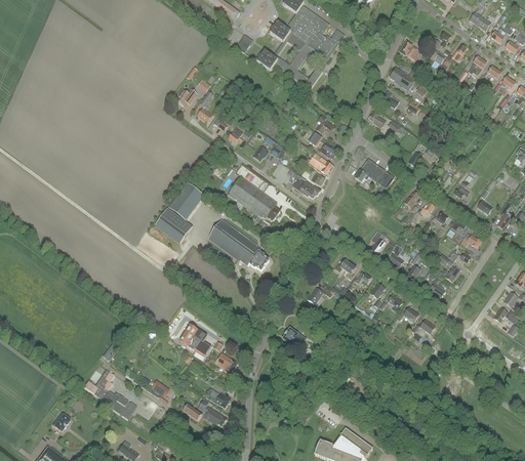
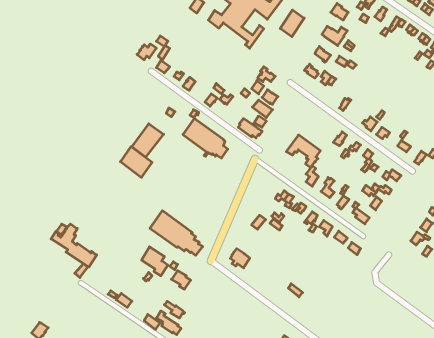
building: none -> [280,10,304,37]
building: [354,158,394,196] -> [286,135,320,167]
building: [207,217,269,269] -> [150,211,203,255]
building: [83,369,136,419] -> [51,224,97,267]

